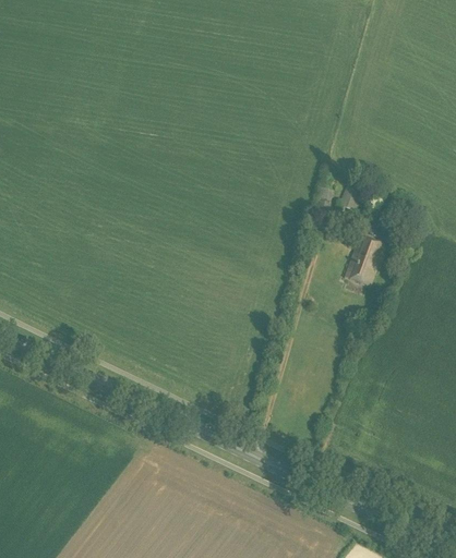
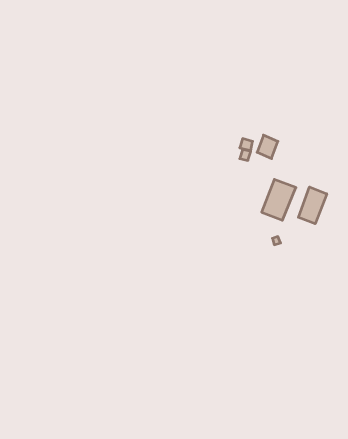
building: none -> [298,187,327,224]

